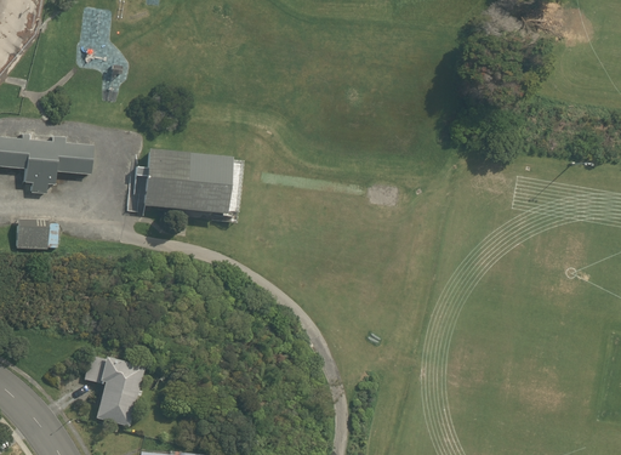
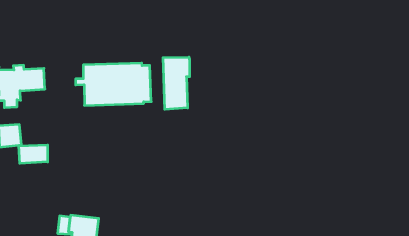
building: none -> [163,57,190,109]
building: none -> [19,145,48,163]

